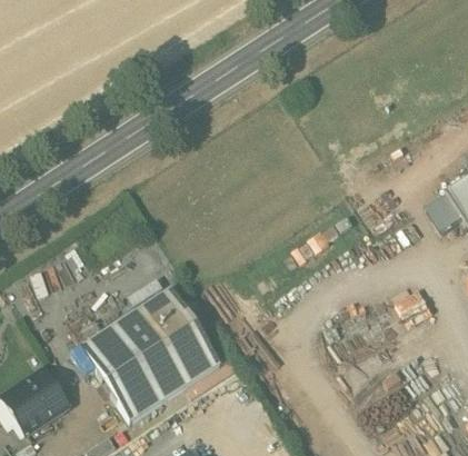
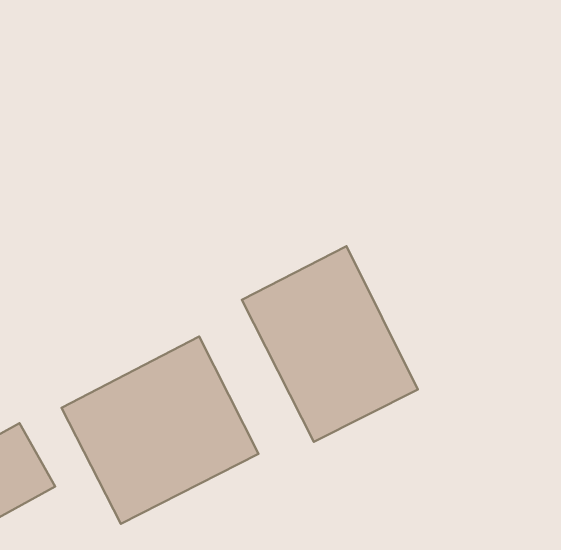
building: none -> [242,246,418,442]

